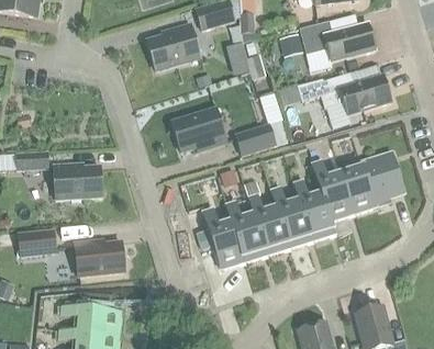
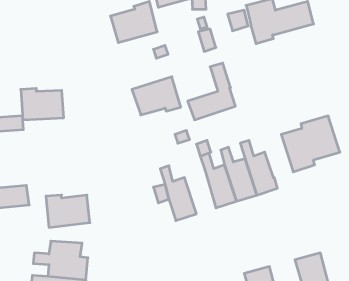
building: [296,74,390,128] -> none
building: [311,159,352,221] -> none
building: [53,164,101,199] -> [21,88,64,120]
building: [224,201,265,261] -> none

